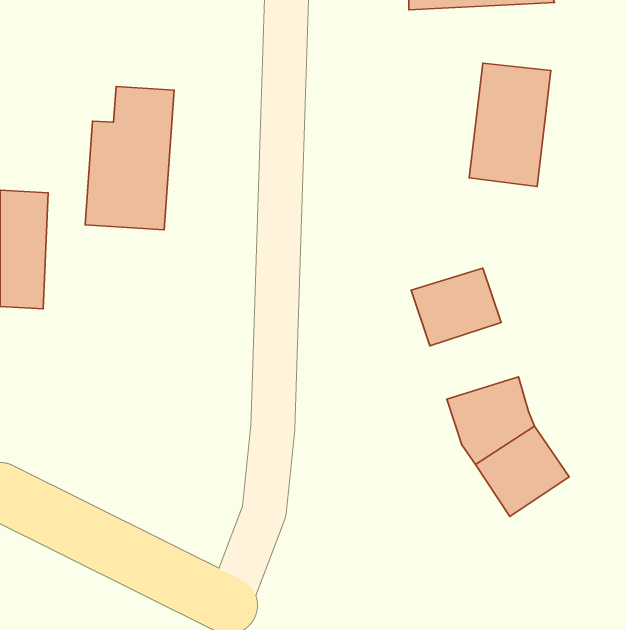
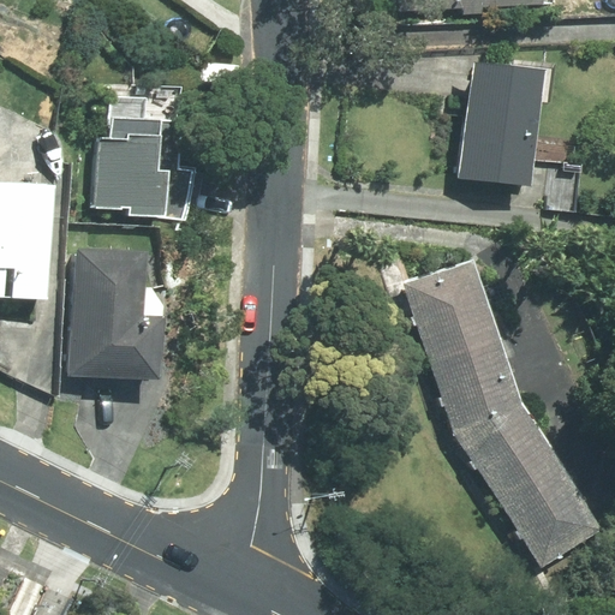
building: none -> [72,249,161,376]
building: none -> [423,314,509,388]
building: none -> [501,464,599,563]

